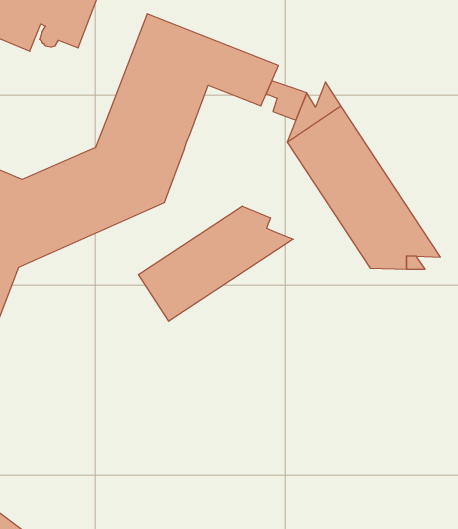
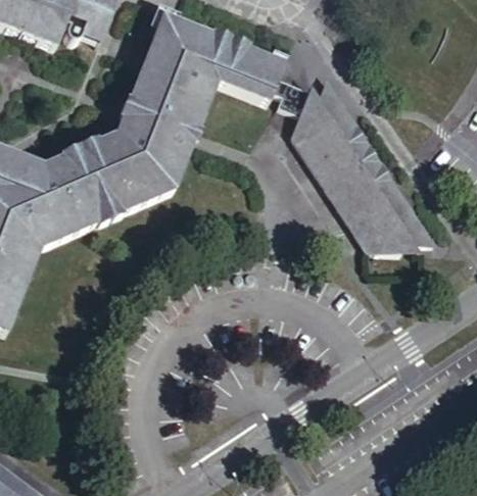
building: [139,206,293,321] -> none

